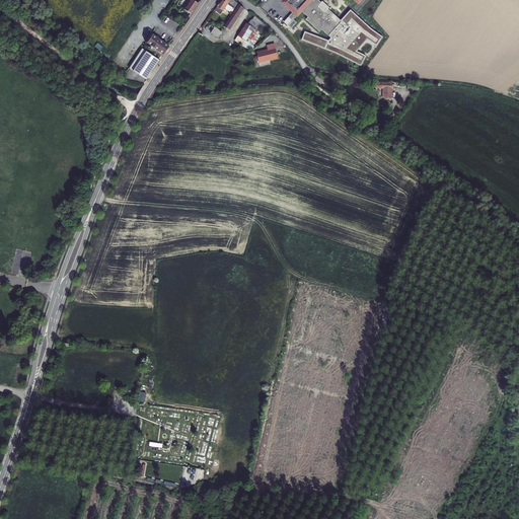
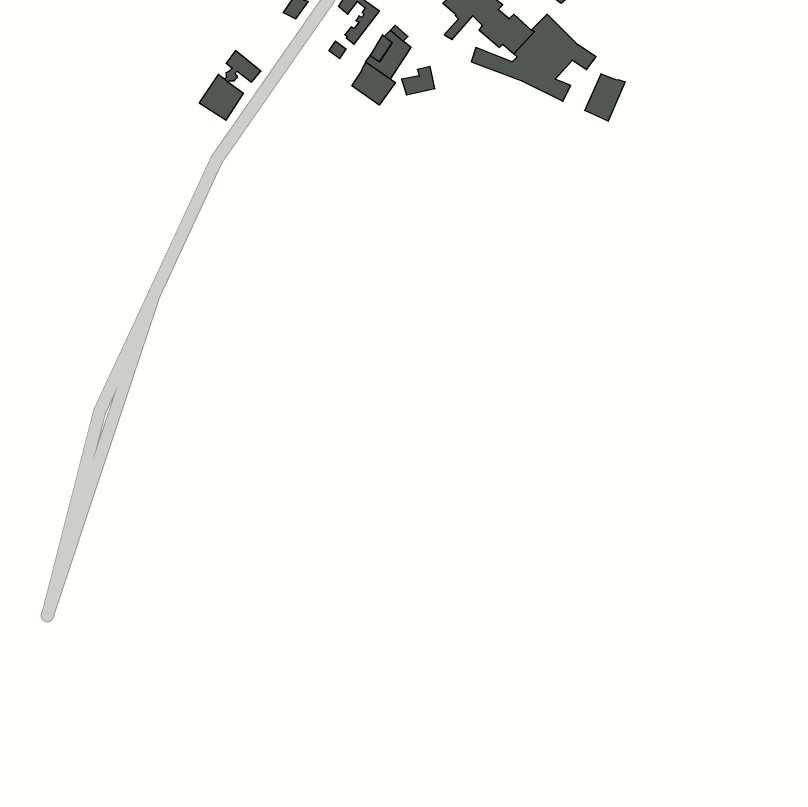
building: none -> [352,62,395,105]
building: none -> [585,74,625,121]

